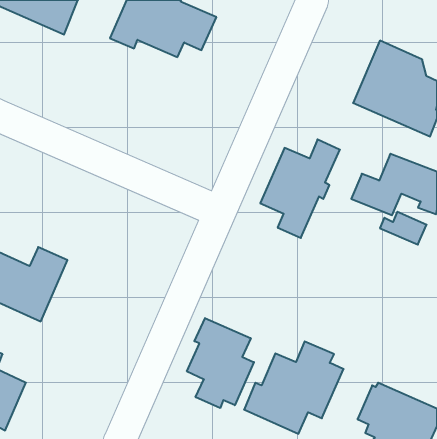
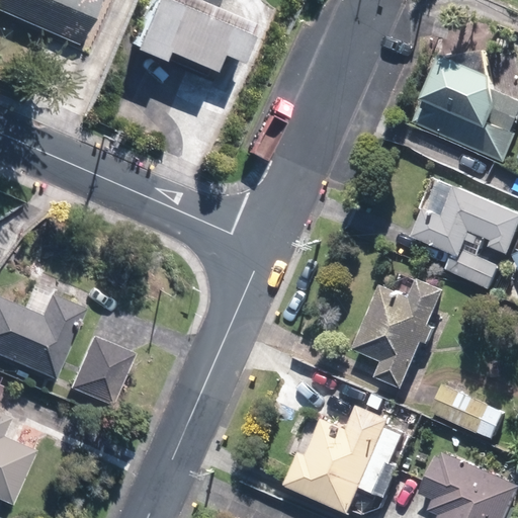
building: [260,139,340,238] -> [353,273,446,388]
building: none -> [64,334,130,406]
building: [187,318,254,408] -> none
building: none -> [429,383,505,440]

